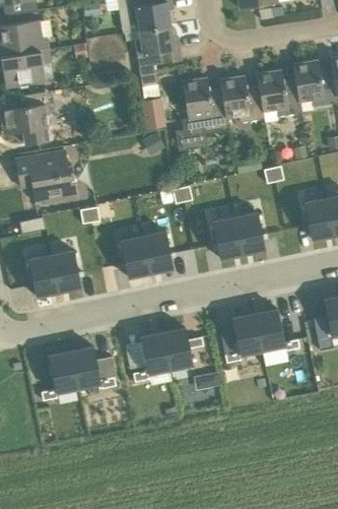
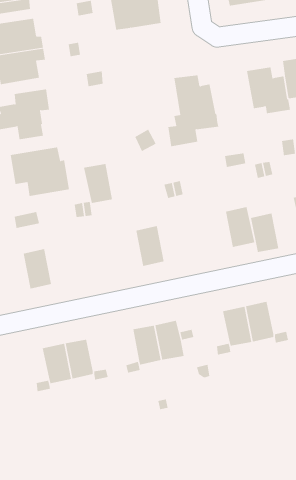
building: [134,24,181,85] -> none
building: [219,75,264,123] -> none
building: [141,98,165,130] -> none
building: [212,216,242,257] -> [250,213,279,253]
building: [120,236,150,276] -> [83,164,113,203]
building: [51,250,81,291] -> none

